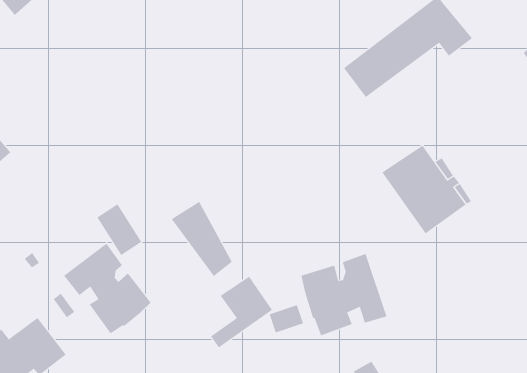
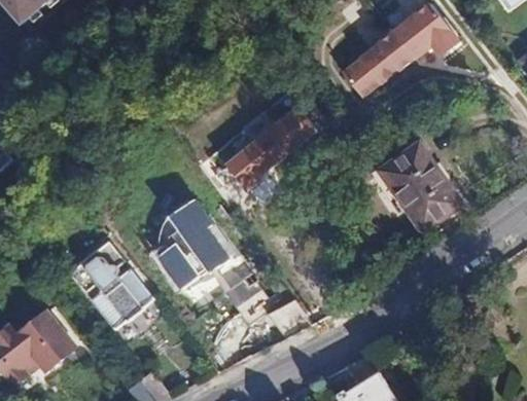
building: none -> [223,103,321,195]
building: [96,204,142,256] -> [155,239,200,289]
building: [301,253,387,336] -> none

